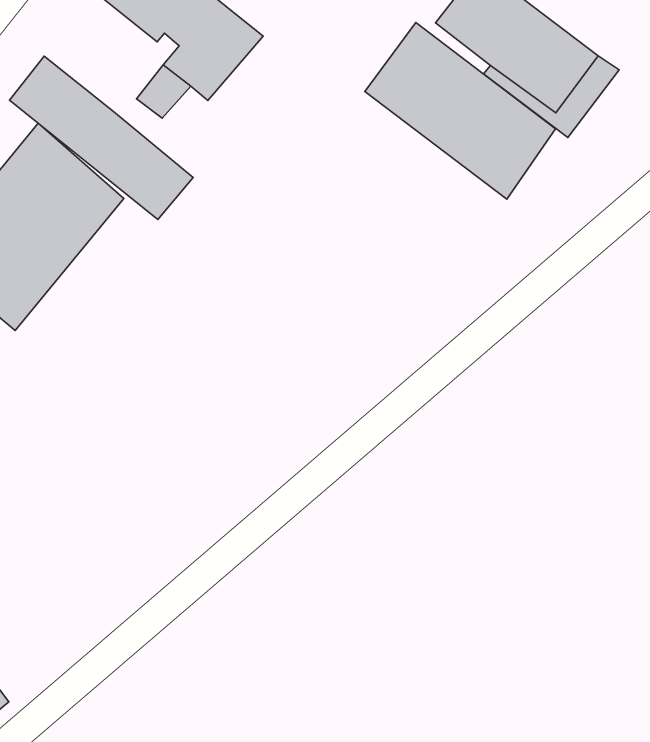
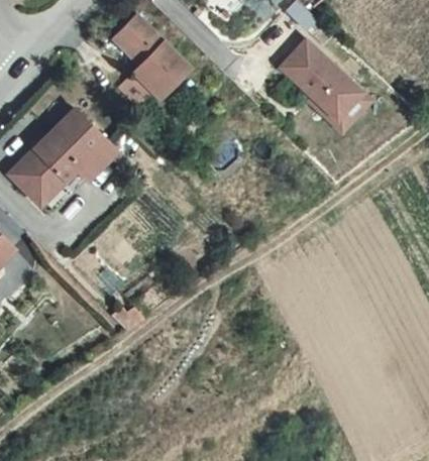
building: [365,23,556,199] -> none
building: [10,56,193,220] -> none

